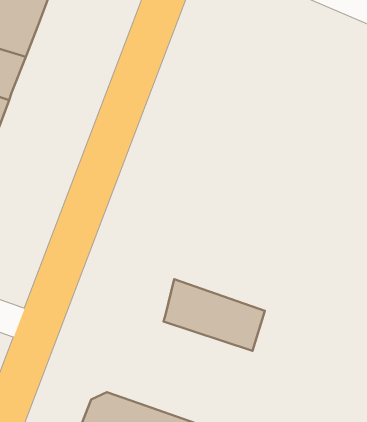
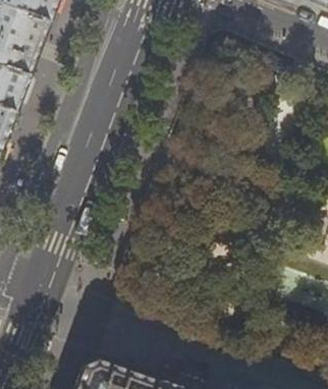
building: [163,279,265,351] -> none

